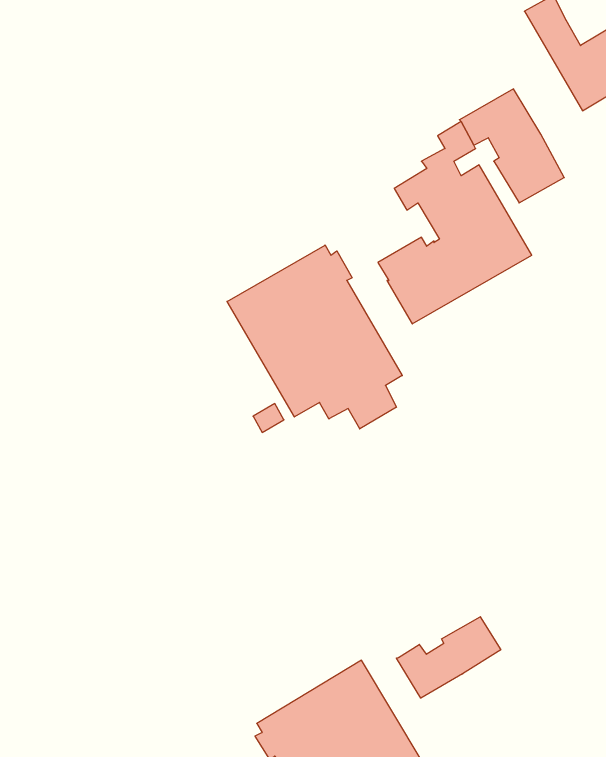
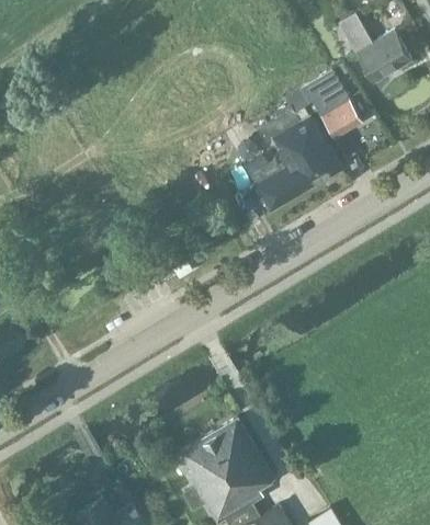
building: [227,245,402,429] -> none
building: [396,617,501,698] -> none

